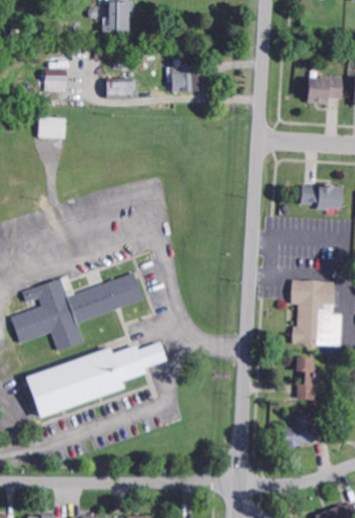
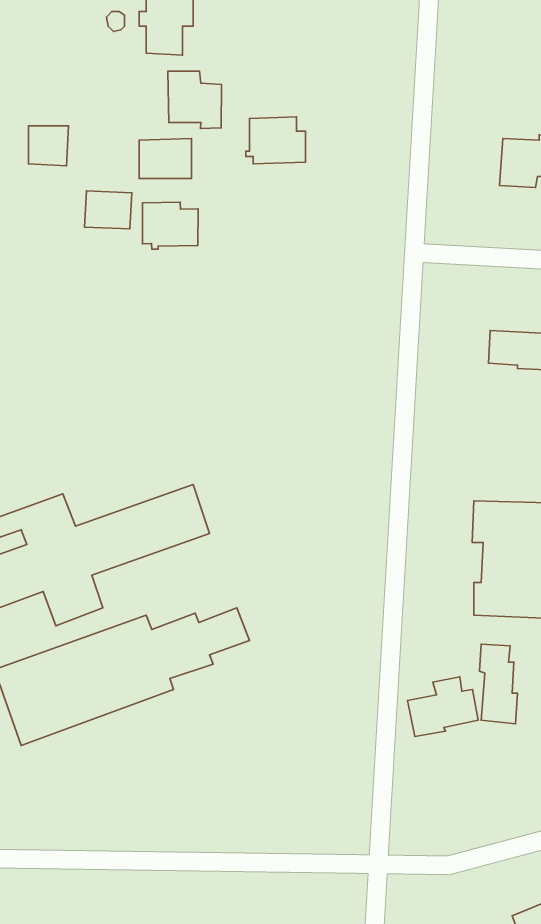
building: none -> [168,71,221,128]
building: none -> [143,202,198,249]
building: [37,117,64,139] -> [85,191,132,229]
building: [282,413,322,446] -> [407,677,478,737]

